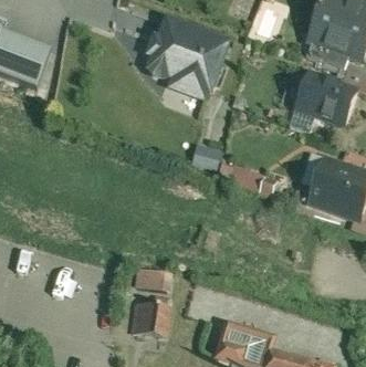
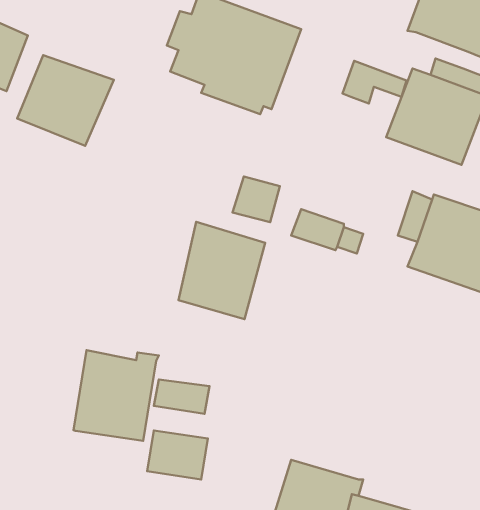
building: [304,40,347,69] -> [343,61,407,103]
building: none -> [17,55,114,146]
building: none -> [179,222,265,319]
building: none -> [74,350,159,441]

